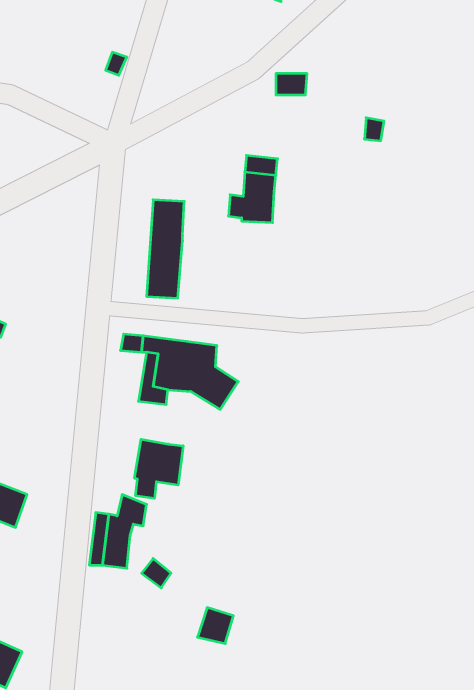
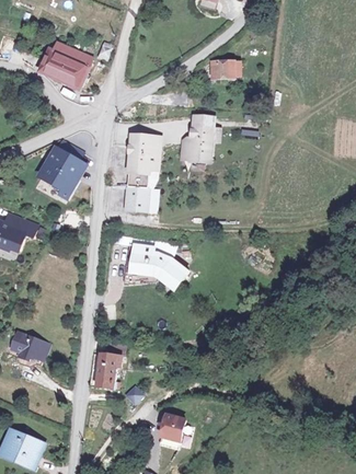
building: none -> [38,36,90,89]
building: none -> [130,135,160,169]
building: none -> [38,141,79,199]
building: [135,439,183,498] -> none

